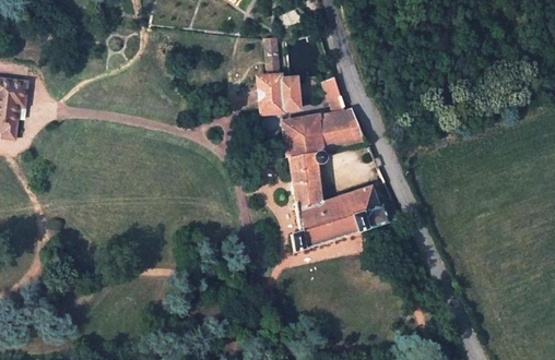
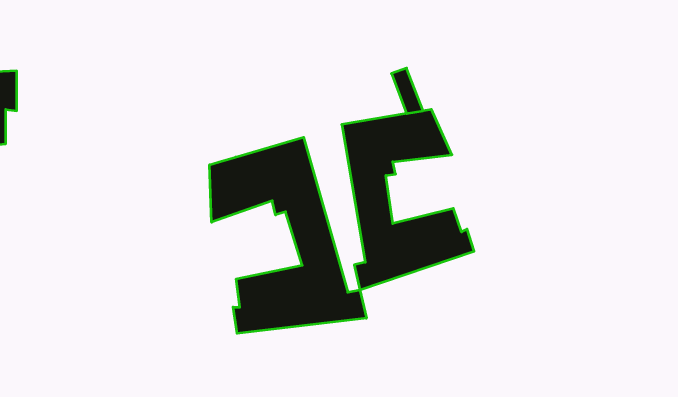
building: [259,37,299,112] -> none
building: none -> [210,137,366,333]

